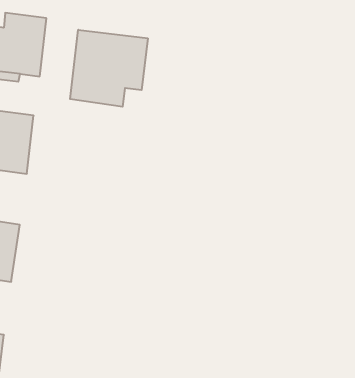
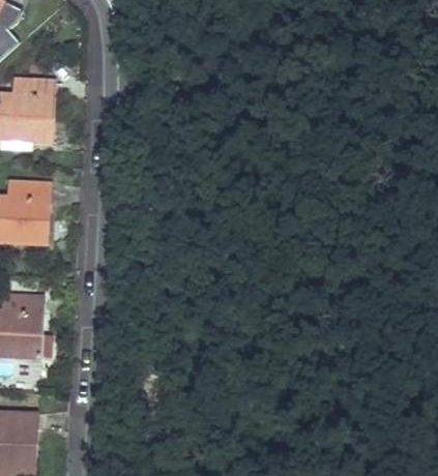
building: [70,30,148,107] -> none

